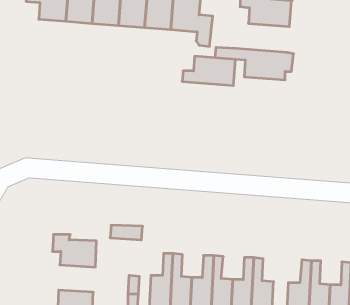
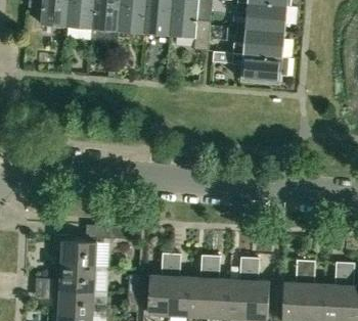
building: [182,56,235,86] -> [232,29,284,57]
building: none -> [59,265,95,291]

